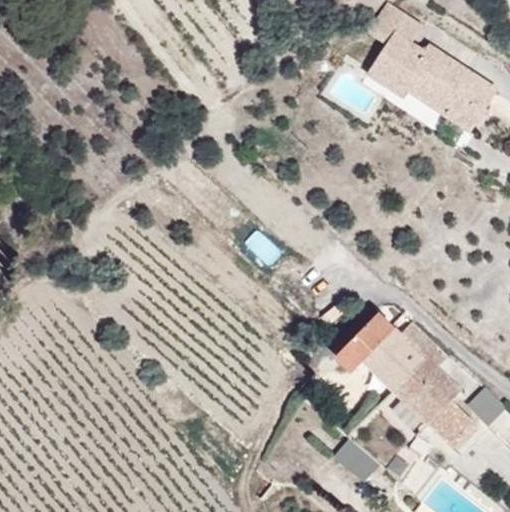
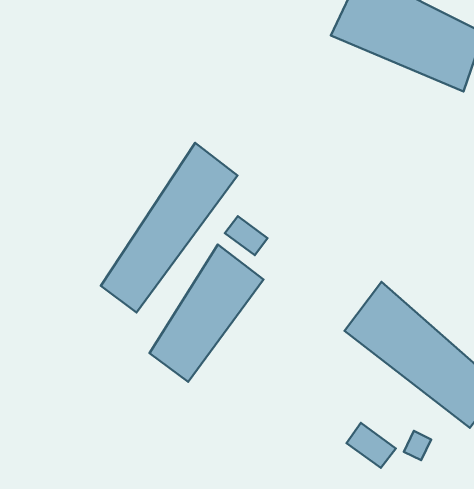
building: none -> [101,143,238,313]
building: none -> [149,245,264,382]

